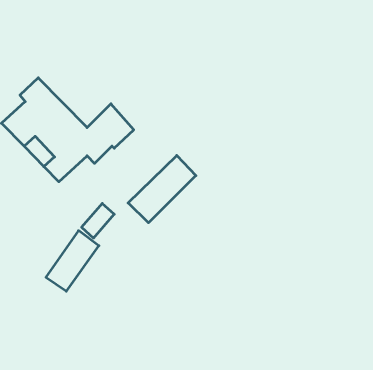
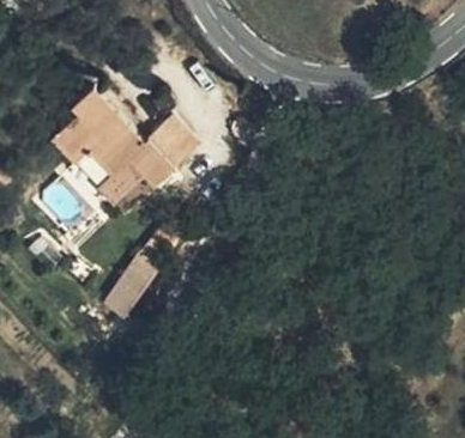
building: [128,155,196,223] -> none

